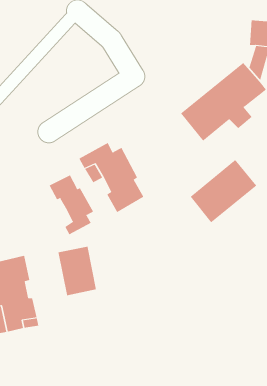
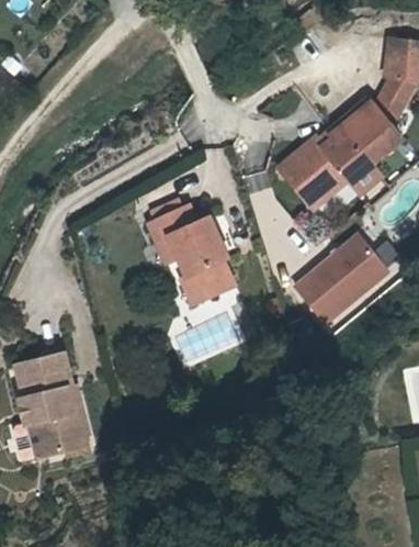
building: [49,175,94,235] -> none
building: [58,246,96,296] -> none

